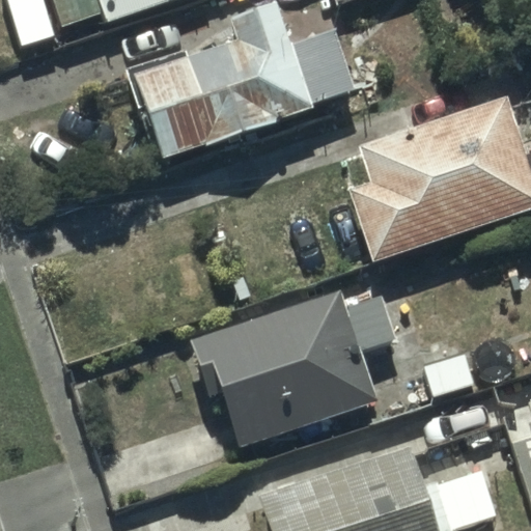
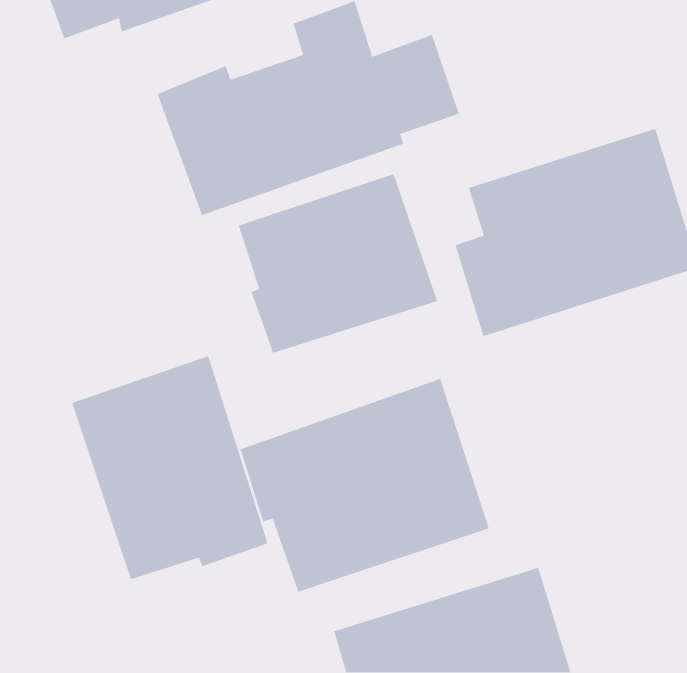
building: none -> [238,173,438,354]
building: none -> [71,355,268,580]

